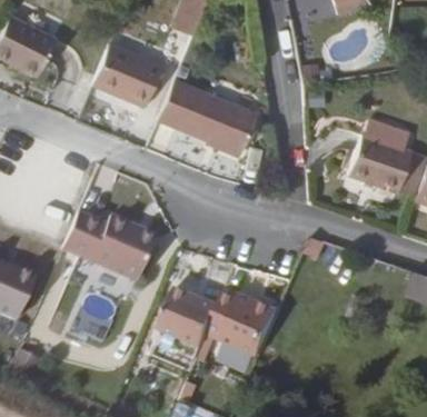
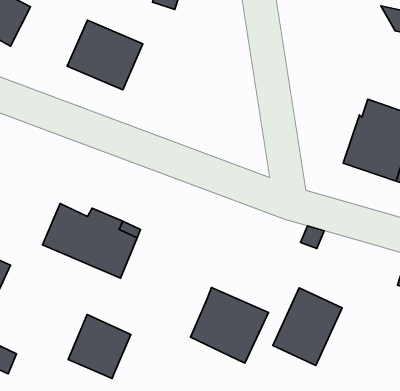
building: [157,78,256,152] -> none
building: [162,289,221,349] -> [68,315,131,378]
building: none -> [273,288,342,365]

